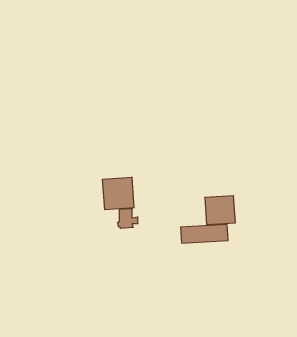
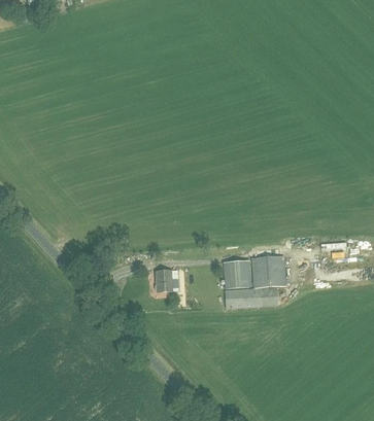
building: [103,177,134,210] -> none
building: none -> [223,259,248,286]

